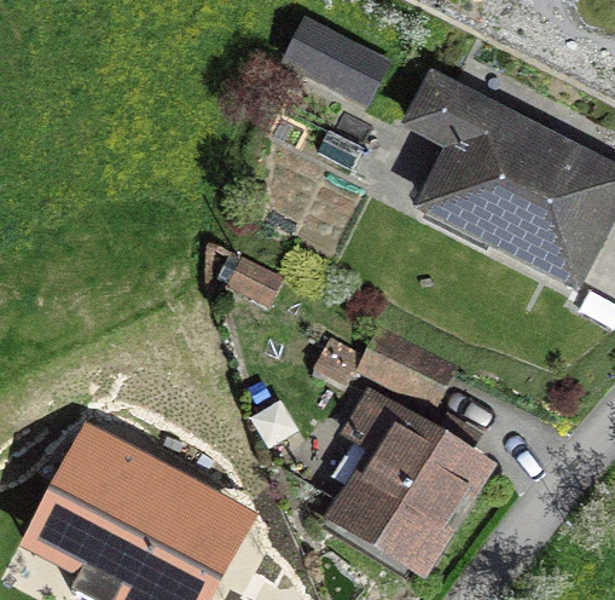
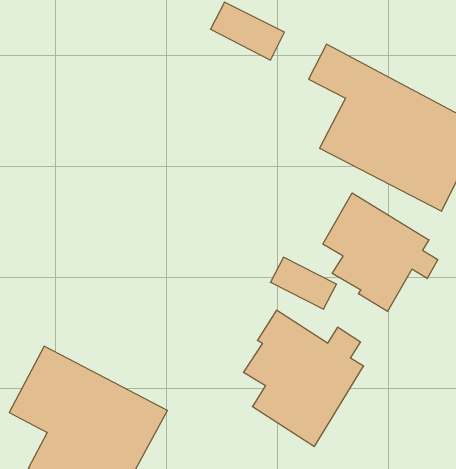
building: none -> [323,193,438,311]

